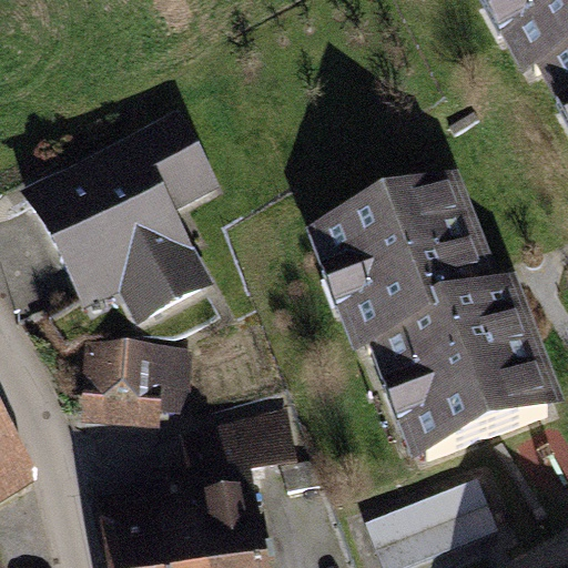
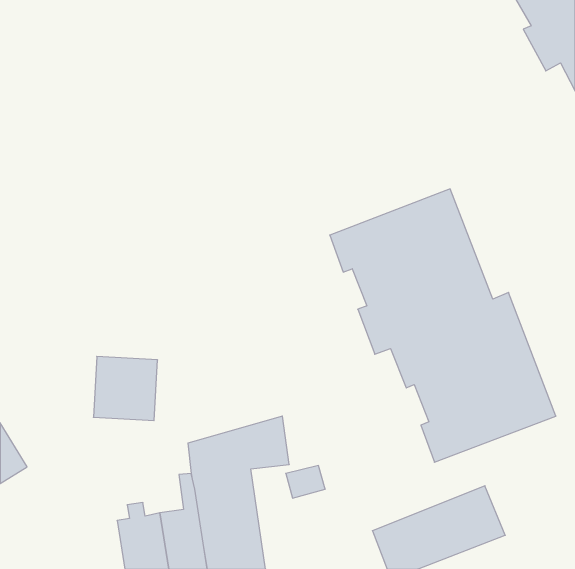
building: [32,123,209,315] -> none

